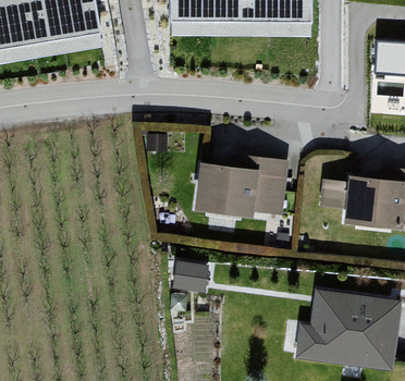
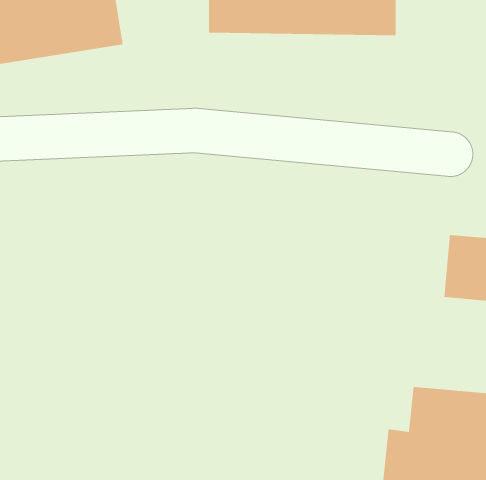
building: [186,155,289,218] -> none
building: [173,260,211,293] -> none

